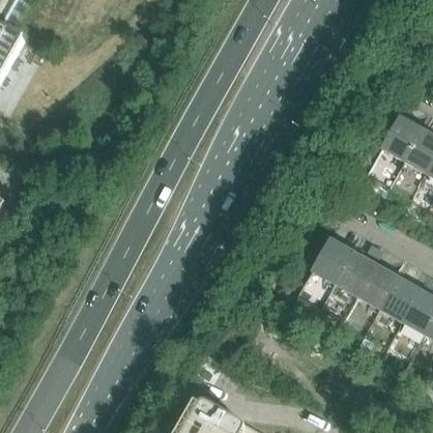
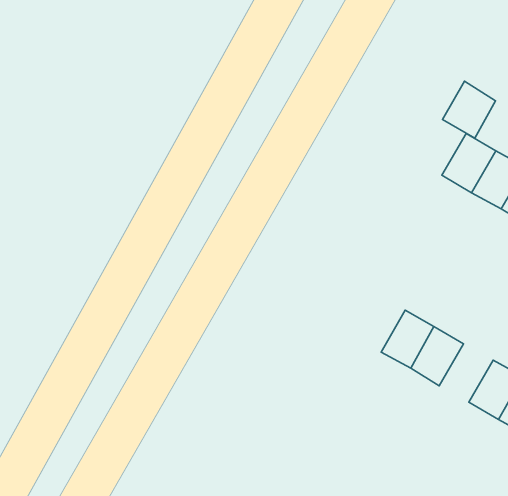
building: none -> [443,81,496,138]
building: [311,237,352,282] -> none
building: [378,276,420,320] -> none

